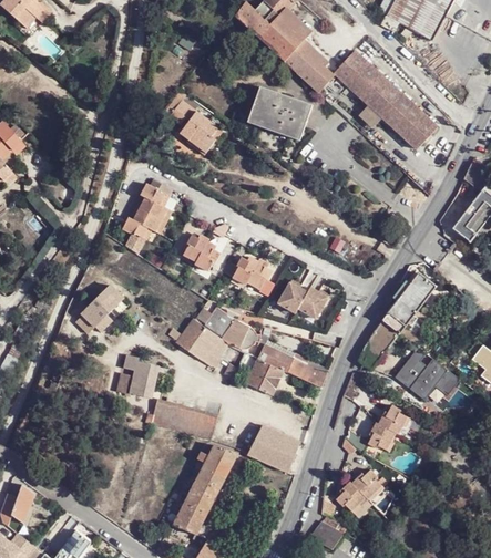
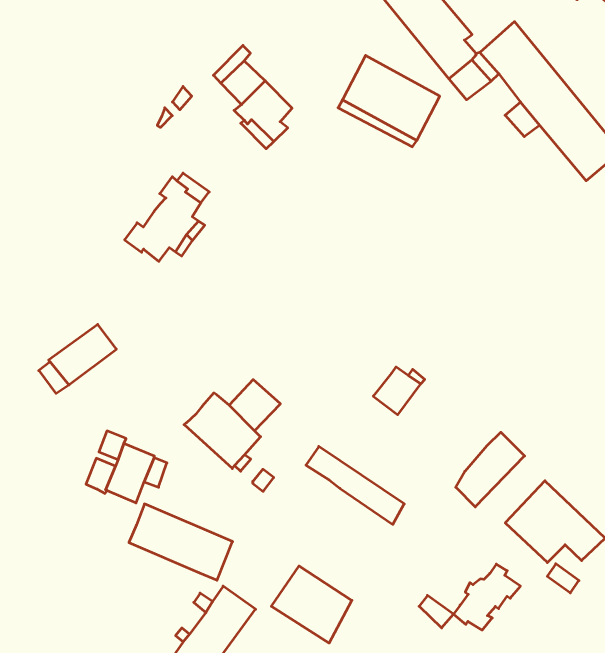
building: [183,231,218,268] -> none
building: [232,256,270,288] -> none
building: [382,271,436,332] -> none
building: [276,280,306,311] -> none
building: [222,320,257,349] -> none
building: [246,358,283,395] -> none

